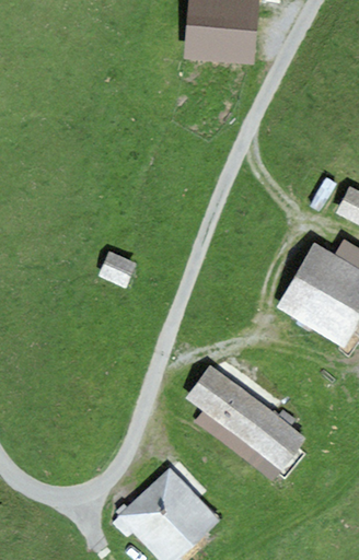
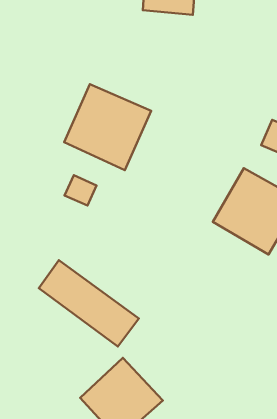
building: none -> [64,84,151,170]
building: [184,364,304,468] -> [39,260,139,347]

